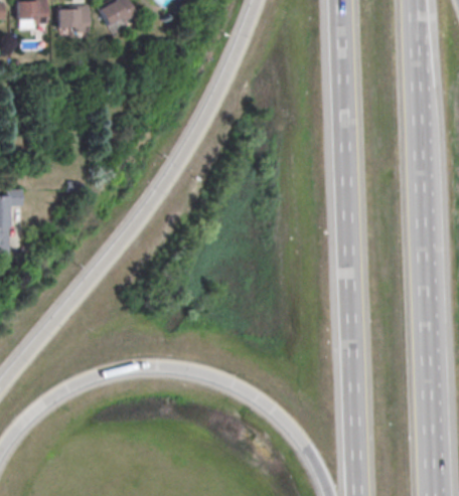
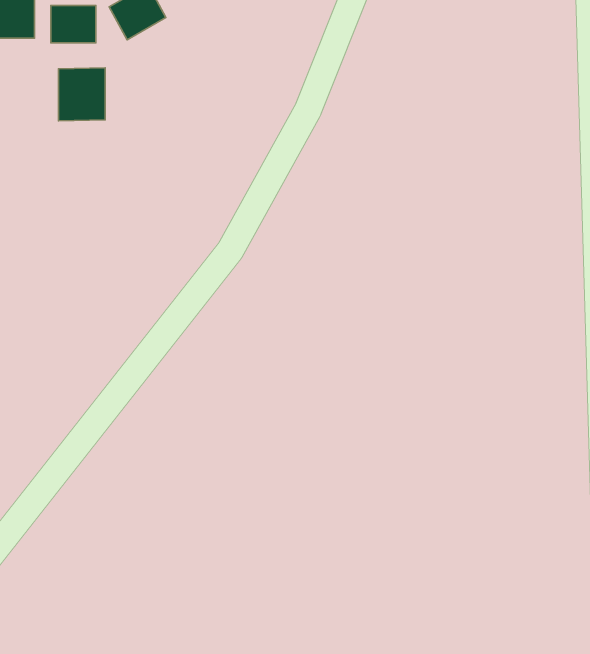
building: none -> [58,68,105,121]

